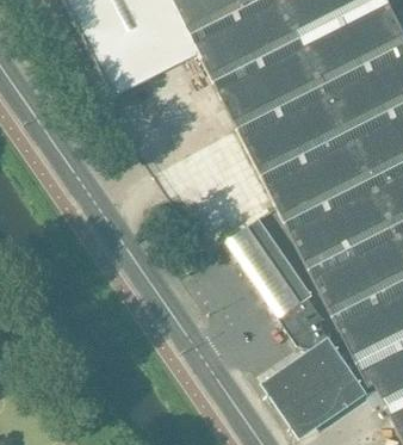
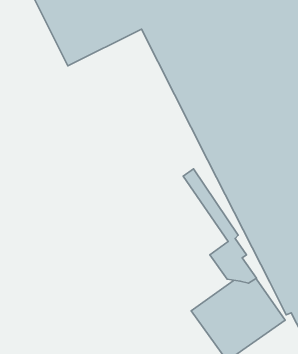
building: [227,225,302,317] -> none

